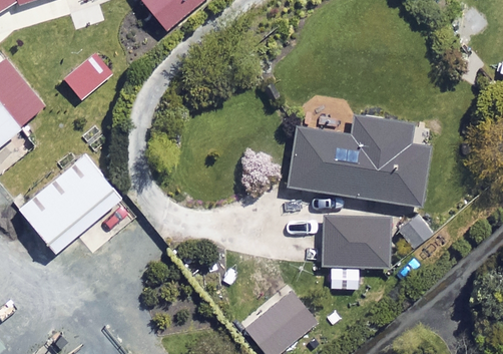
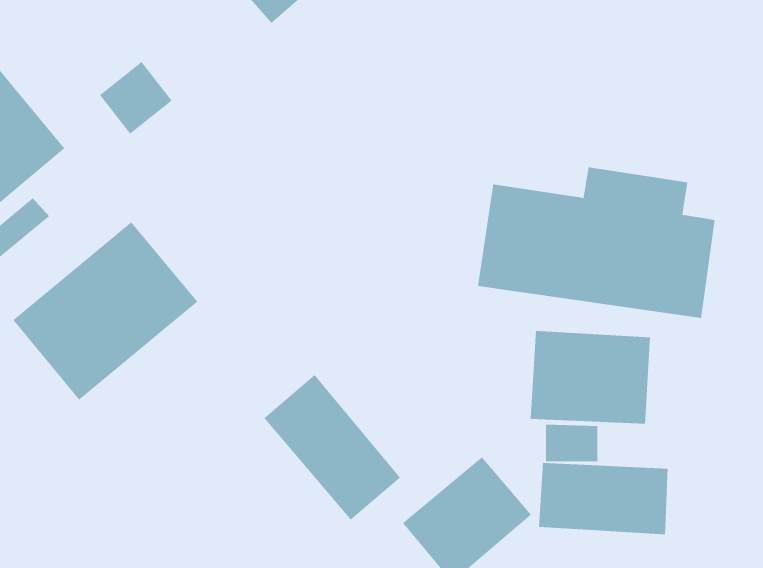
building: none -> [263,374,401,520]
building: none -> [539,462,668,535]

